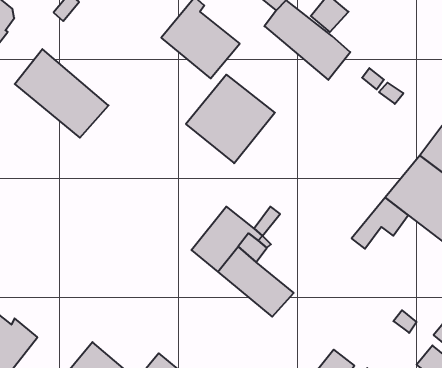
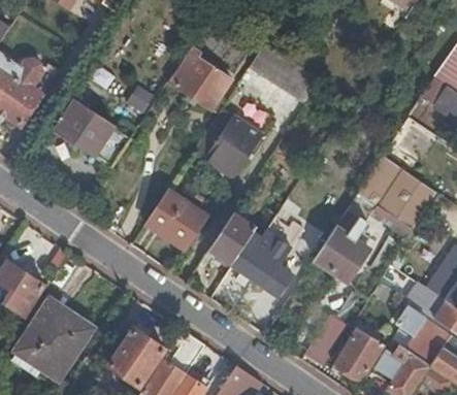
building: none -> [146,191,206,250]
building: none -> [314,218,367,283]

